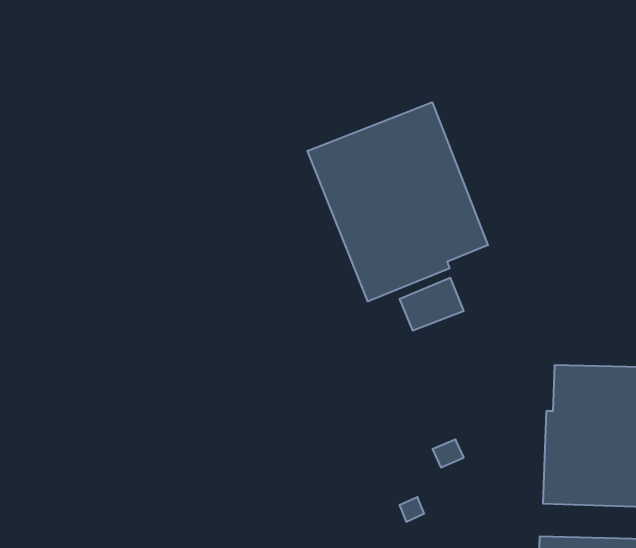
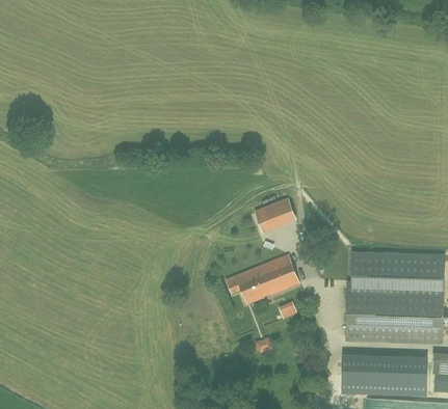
building: [307,102,488,301] -> none
building: none -> [226,254,298,302]

